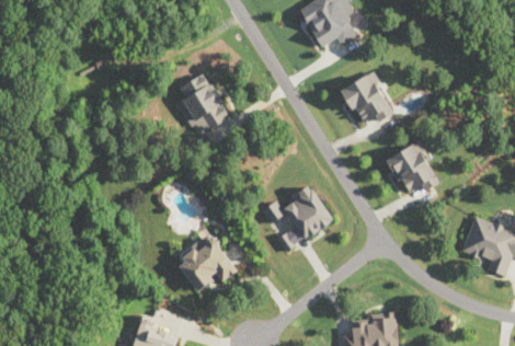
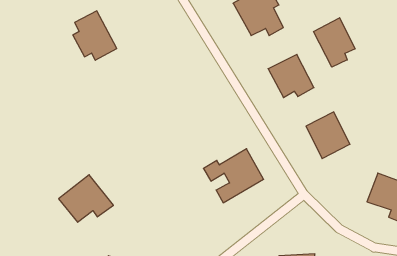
building: none -> [314,18,355,67]
building: [176,73,230,134] -> [73,11,117,60]
building: [173,232,240,290] -> [59,175,113,222]

